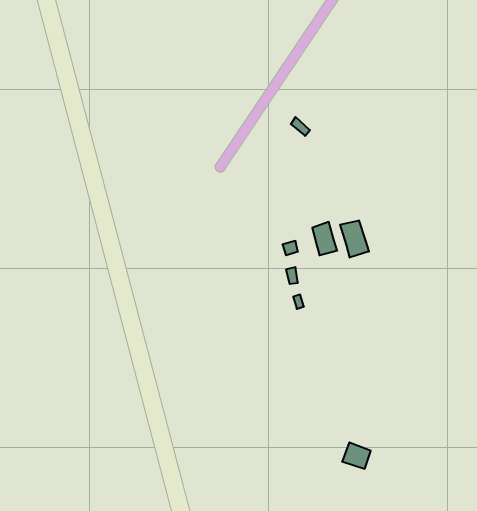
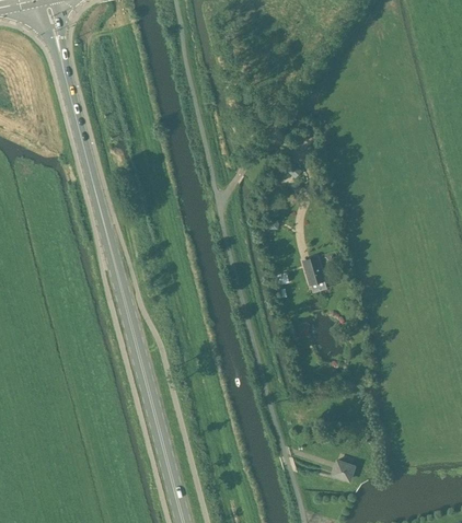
building: [340,220,369,258] -> none

